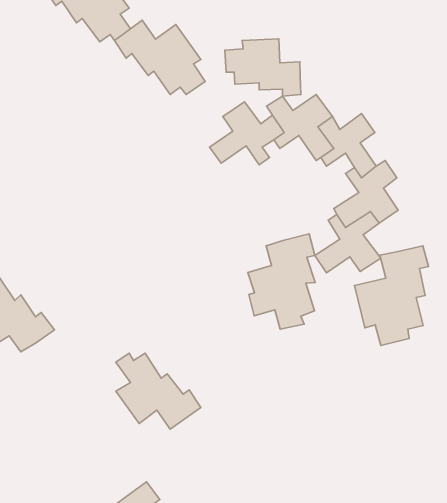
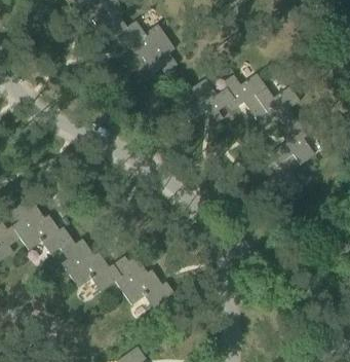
building: [225,39,301,96] -> none
building: [248,234,315,329] -> none
building: [355,246,428,345] -> none
building: none -> [59,238,125,293]

